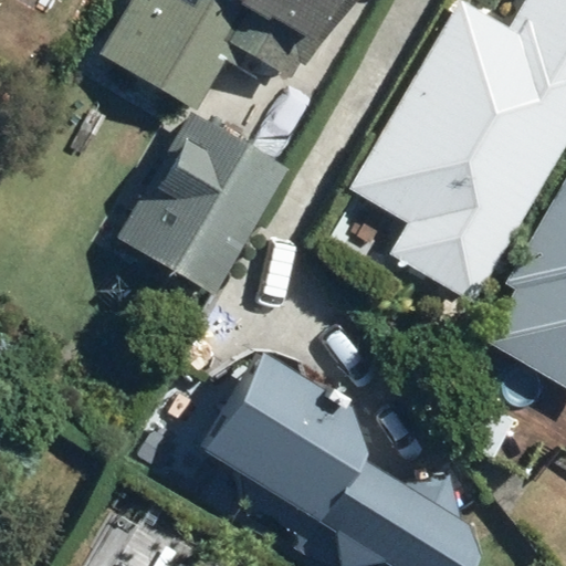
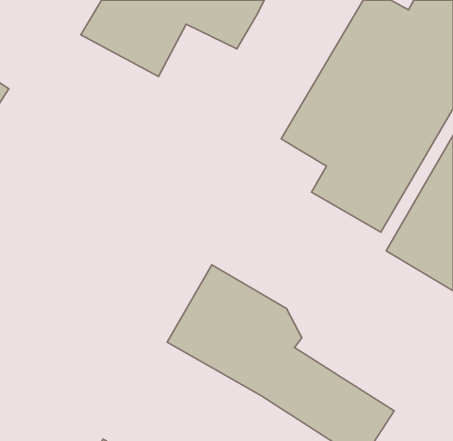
building: [122,118,291,296] -> none

